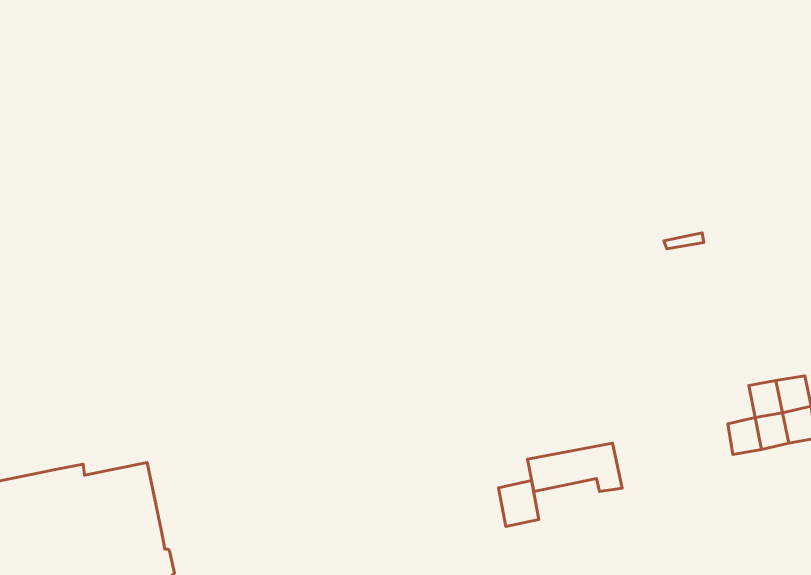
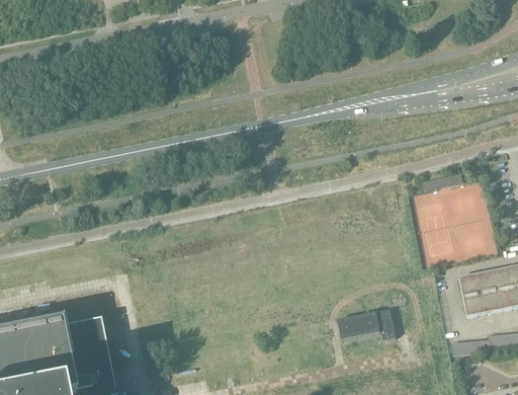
building: none -> [458,271,480,296]
building: [498,481,539,526] -> none

